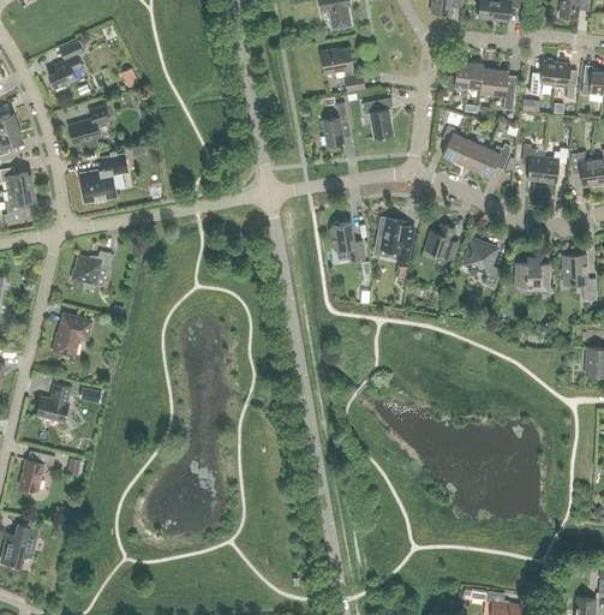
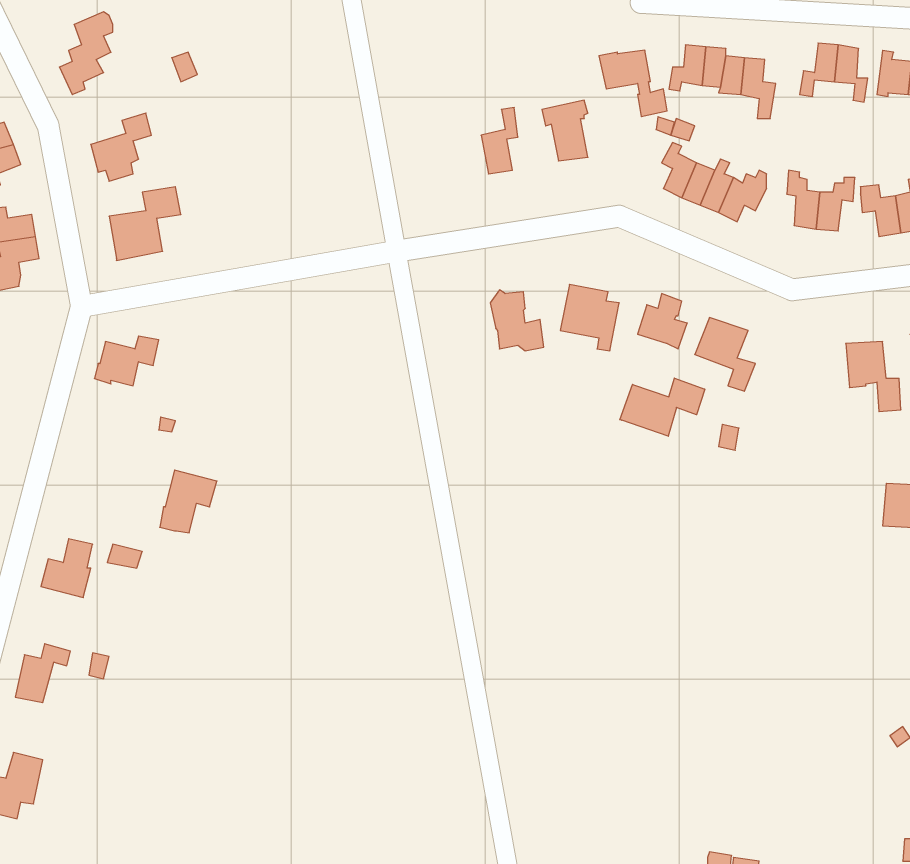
building: [319,48,364,91] -> [599,50,667,117]
building: [514,258,549,293] -> none
building: none -> [620,378,705,436]
building: [54,314,91,354] -> [160,470,217,533]

